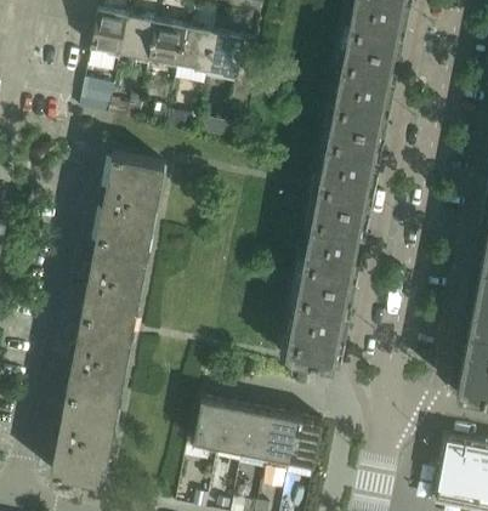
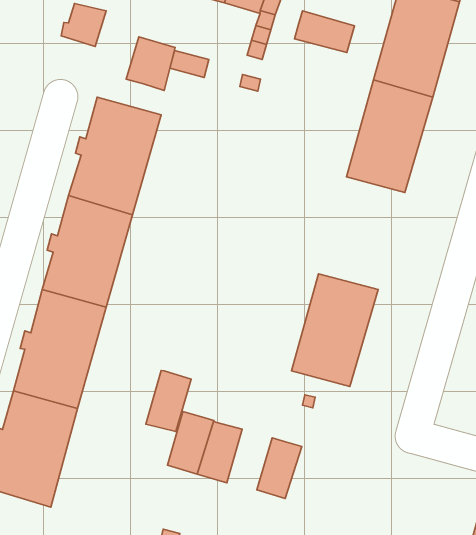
building: none -> [294,11,354,52]
building: none -> [126,37,175,90]
building: [300,201,363,289] -> none
building: [242,409,274,456] -> [146,371,191,431]
building: [289,419,322,466] -> none

